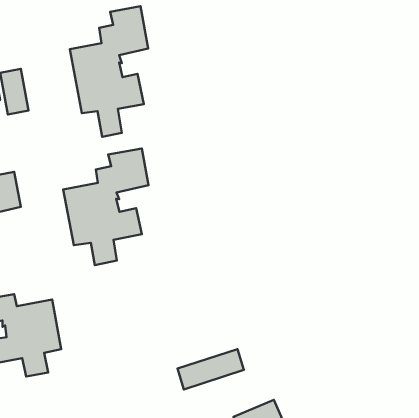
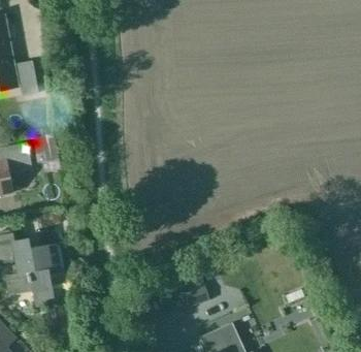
building: [70,6,148,137] -> none
building: [63,148,149,265] -> none

